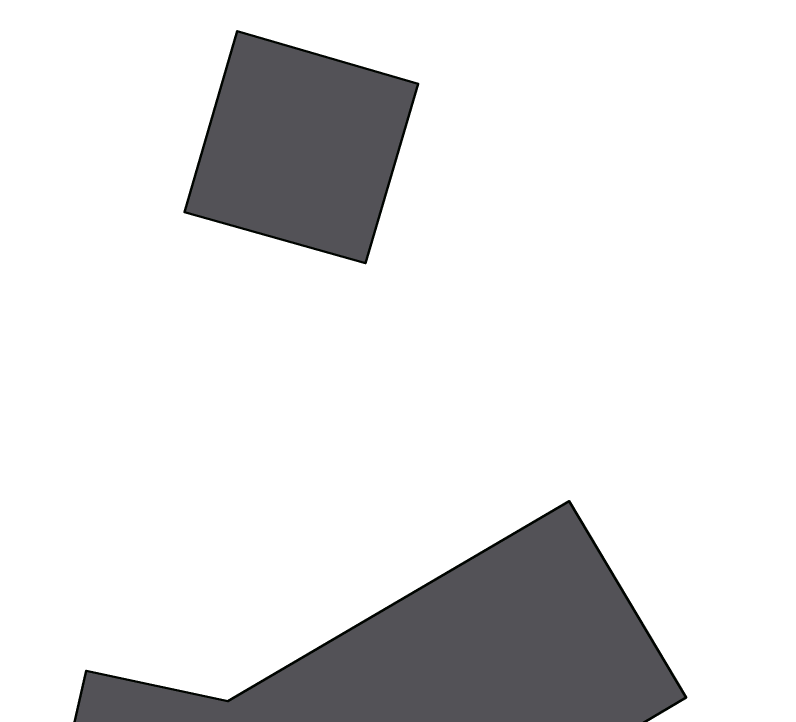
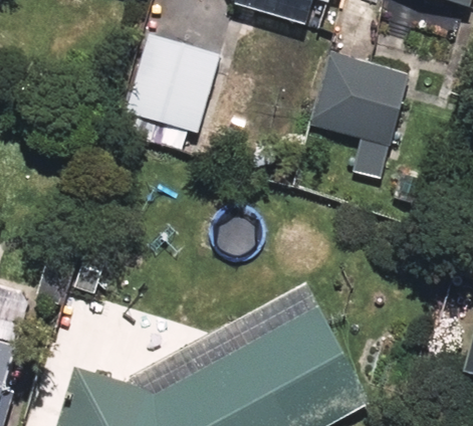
building: none -> [307,38,428,182]

